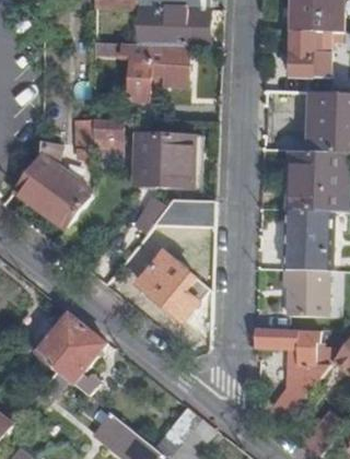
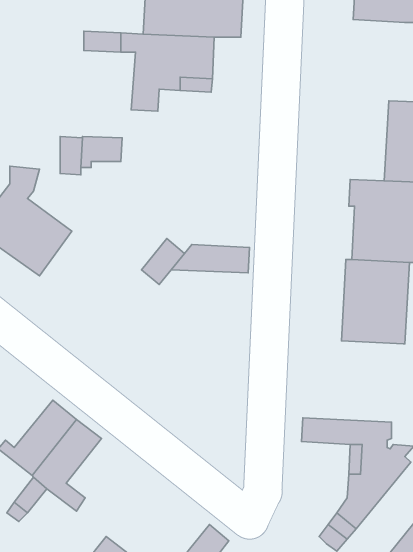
building: [291,33,330,79] -> none
building: [135,136,195,187] -> none
building: [136,250,200,319] -> none
building: [283,270,329,317] -> none

